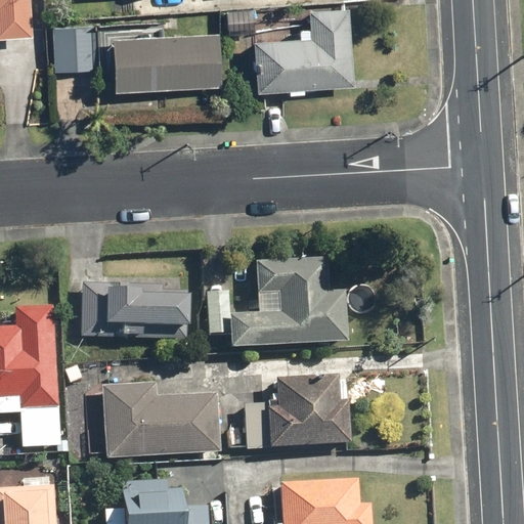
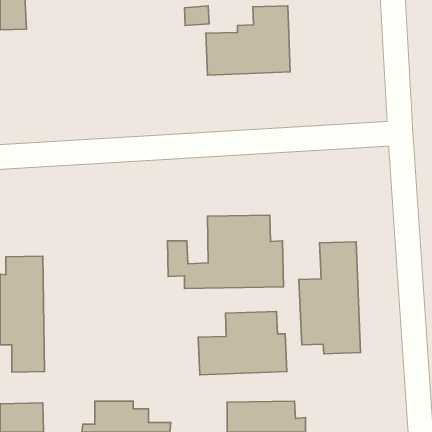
building: [54,15,220,91] -> none
building: [79,281,183,339] -> none
building: none -> [299,242,360,354]
building: [102,383,217,458] -> none

